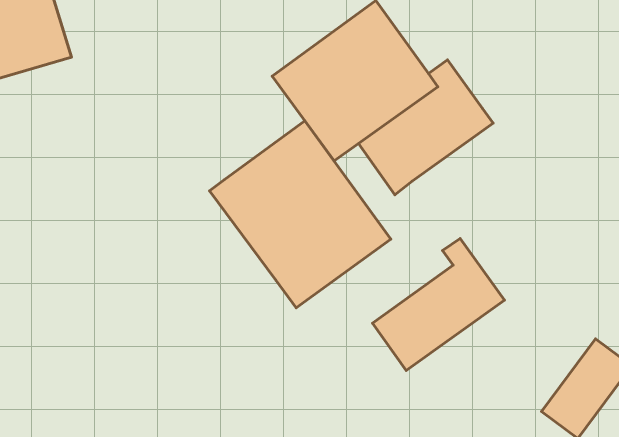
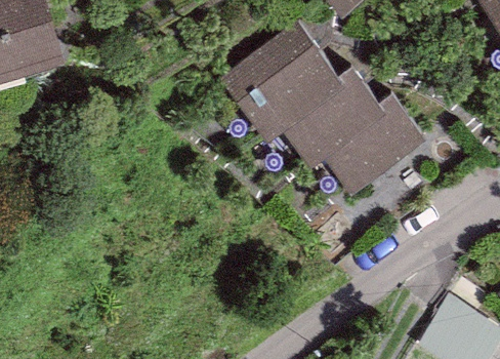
building: [210,121,391,308] -> none
building: [373,238,505,370] -> [325,94,425,195]

